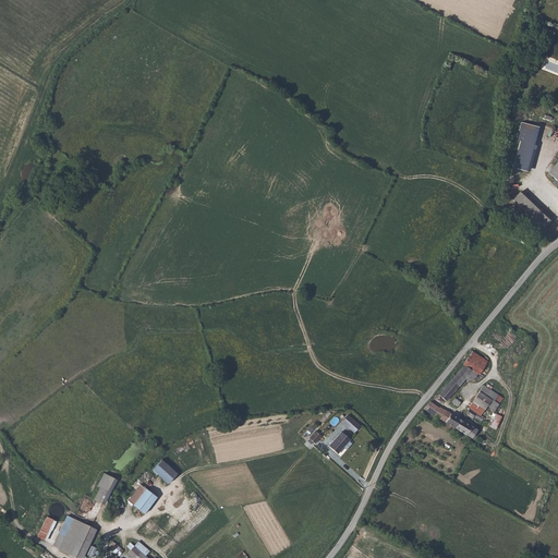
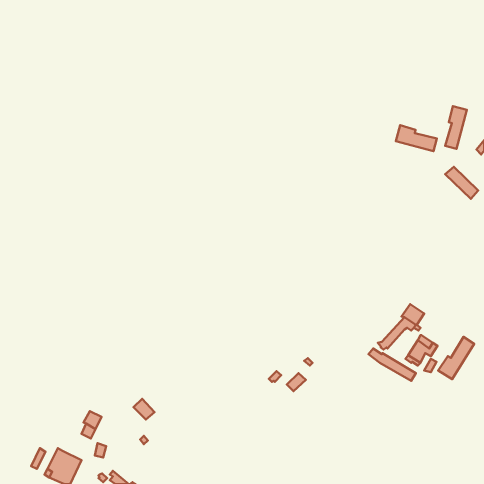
building: none -> [396,125,437,151]
building: none -> [438,337,474,379]
building: [129,483,157,512] -> none

